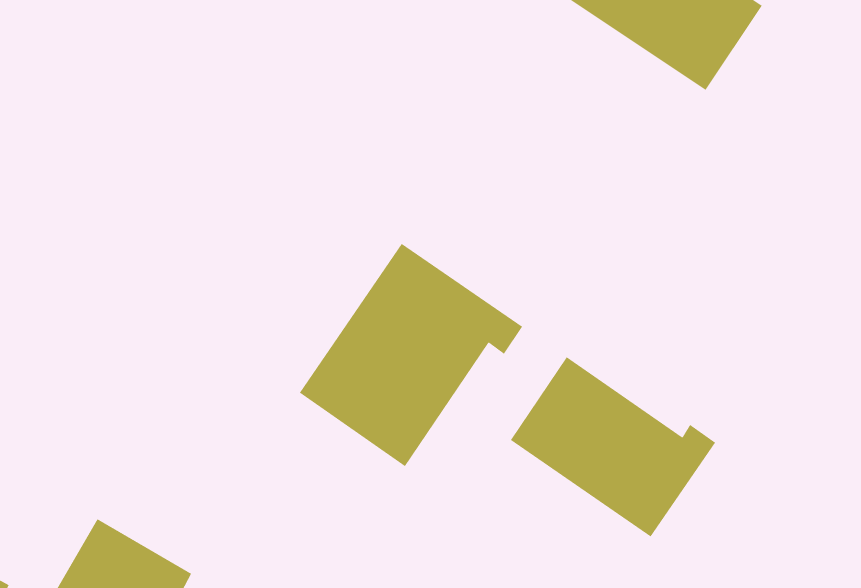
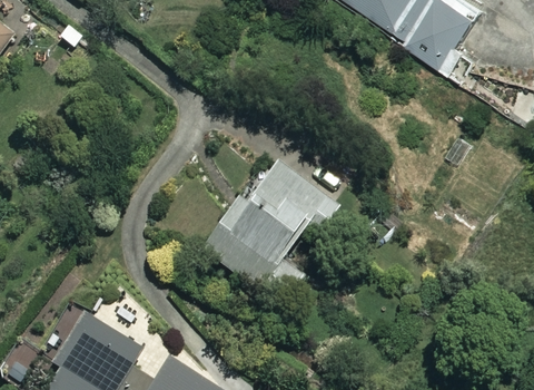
building: [510,356,716,537] -> none

